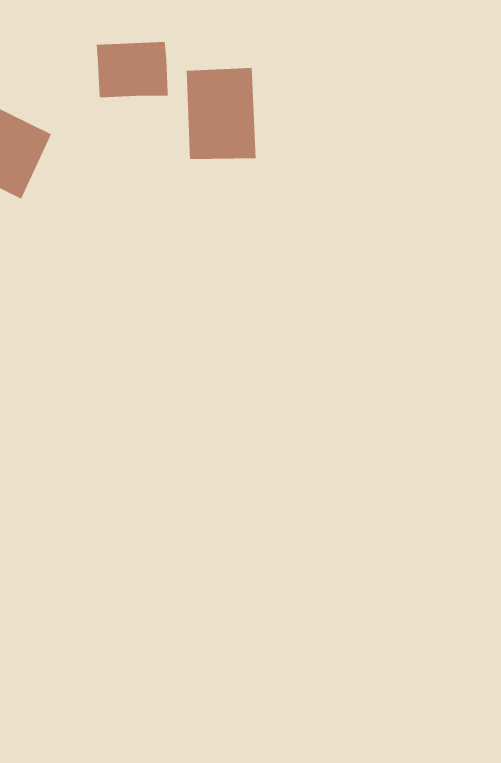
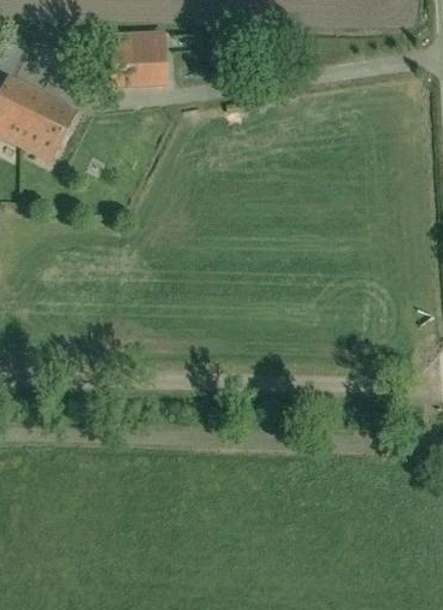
building: [186,67,256,160] -> none

